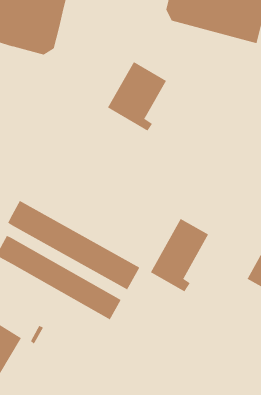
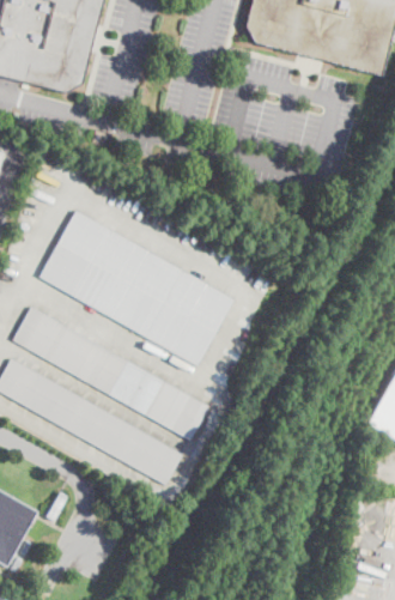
building: [107,61,167,131] -> none
building: none -> [40,208,233,363]
building: [150,218,209,292] -> none

